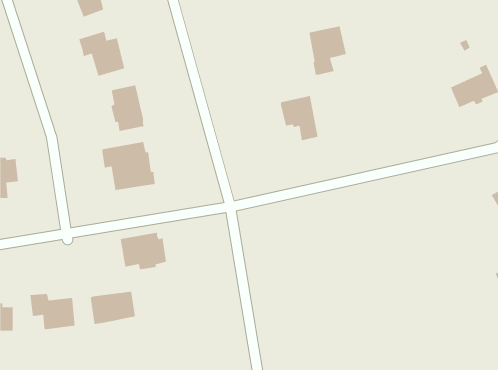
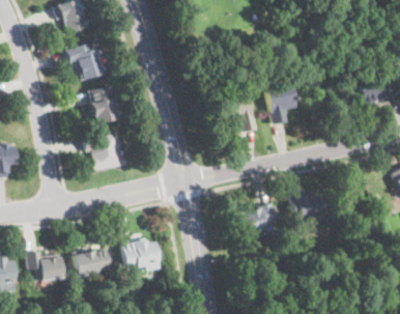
building: [308,26,347,76] -> [266,84,296,123]
building: none -> [290,190,325,219]
building: [120,232,167,270] -> [121,236,159,266]
building: none -> [241,203,277,239]

